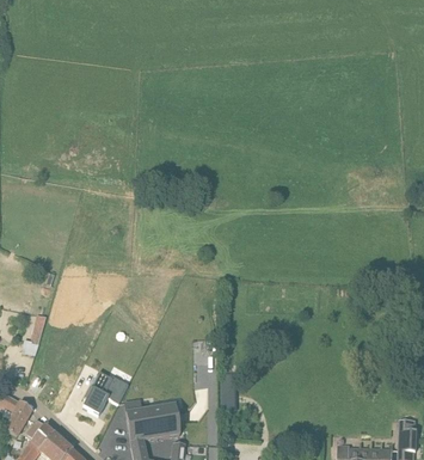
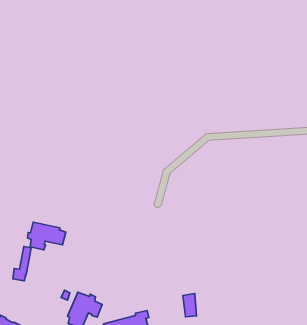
building: none -> [27,222,66,250]

